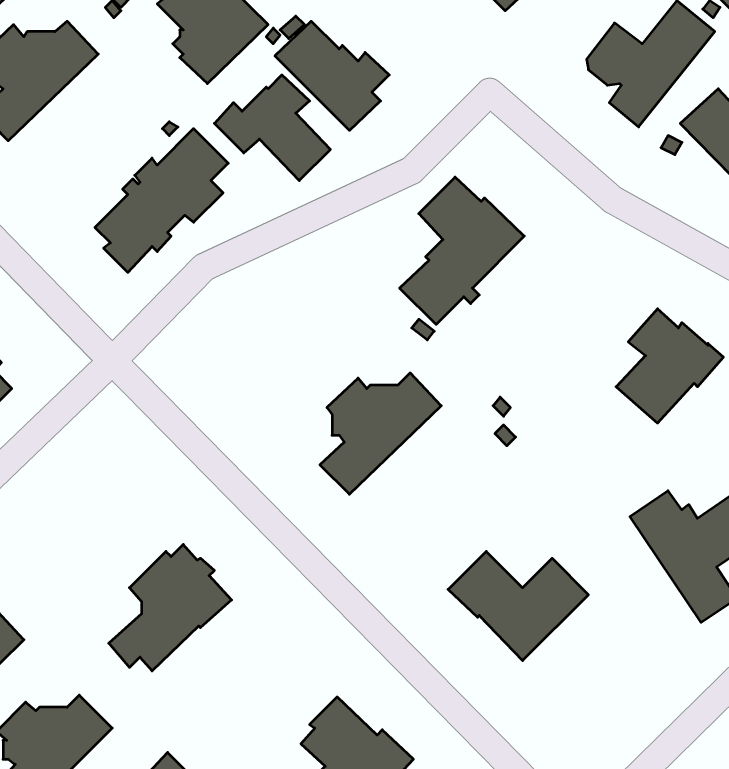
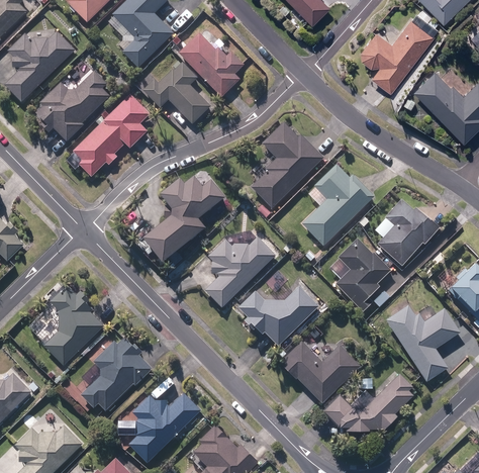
building: none -> [35,71,109,141]
building: none -> [304,164,374,244]
building: none -> [142,176,224,263]
building: none -> [336,239,391,312]
building: none -> [43,286,104,366]
building: none -> [238,286,318,347]
building: none -> [322,374,413,433]
building: none -> [128,394,200,462]

